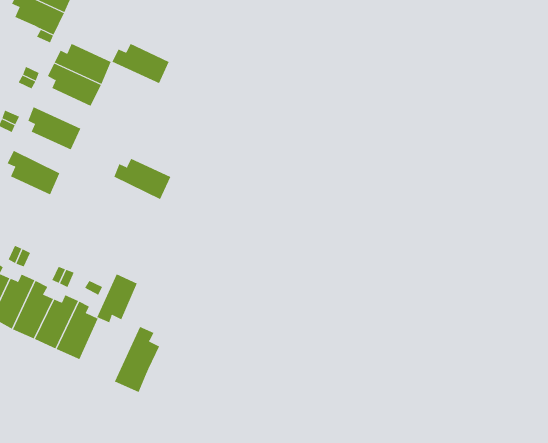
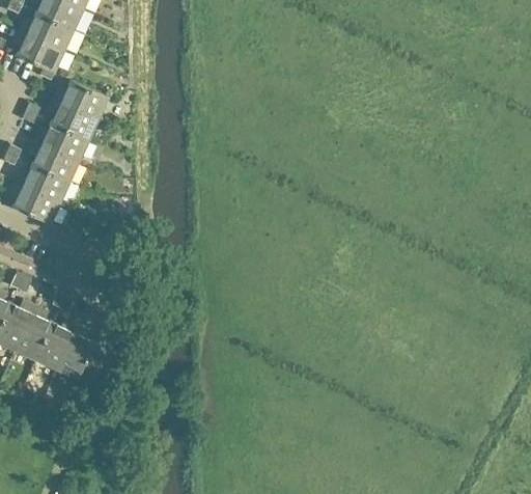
building: [112,43,169,84] -> [34,122,89,161]
building: [113,158,171,200] -> [16,164,71,203]
building: [97,273,137,323] -> none
building: [114,326,160,393] -> none

